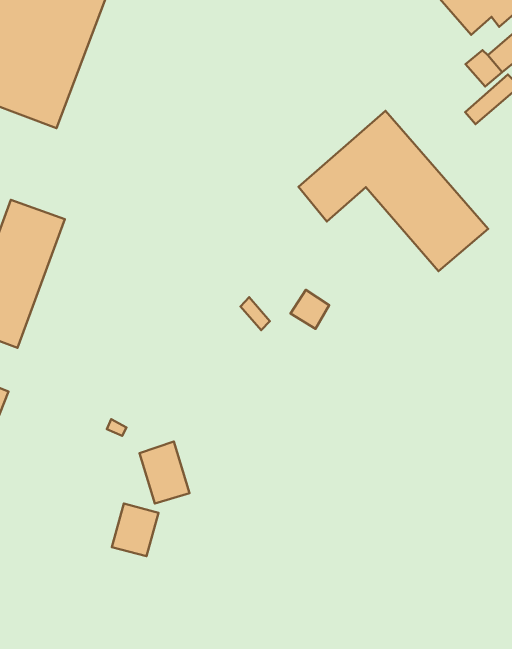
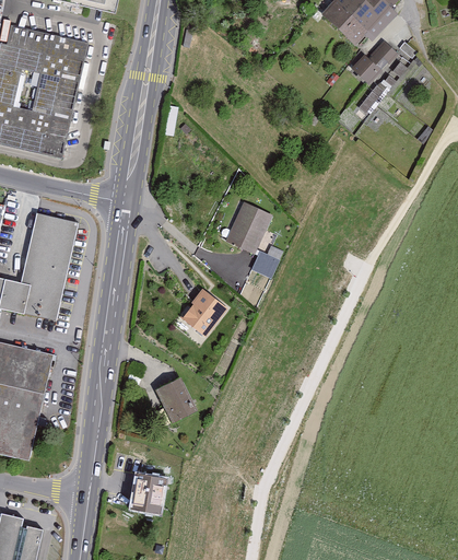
building: [298,111,488,271] -> none
building: none -> [223,201,271,254]
building: none -> [179,289,226,337]
building: [112,504,159,556] -> [131,476,162,512]

